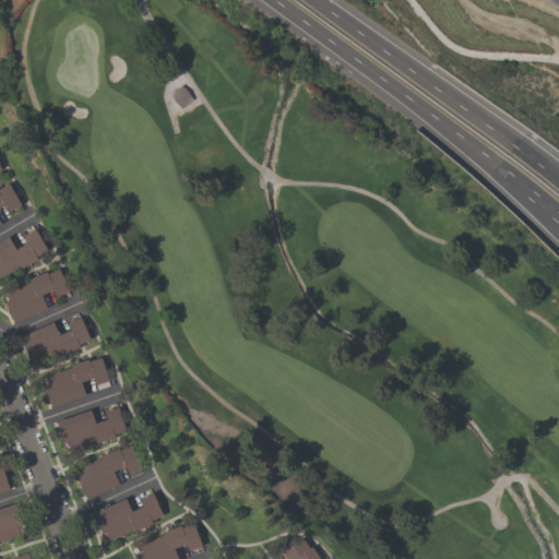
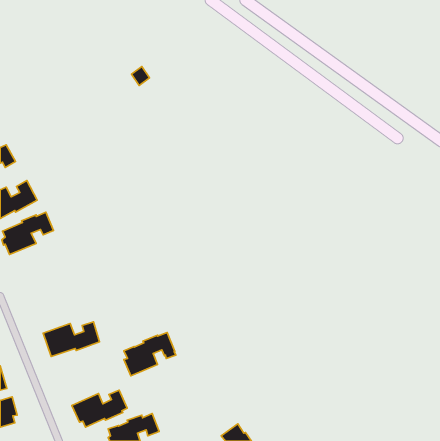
building: [21,313,91,362] -> none
building: [45,357,110,407] -> none
building: [78,444,143,499] -> [124,333,176,376]

